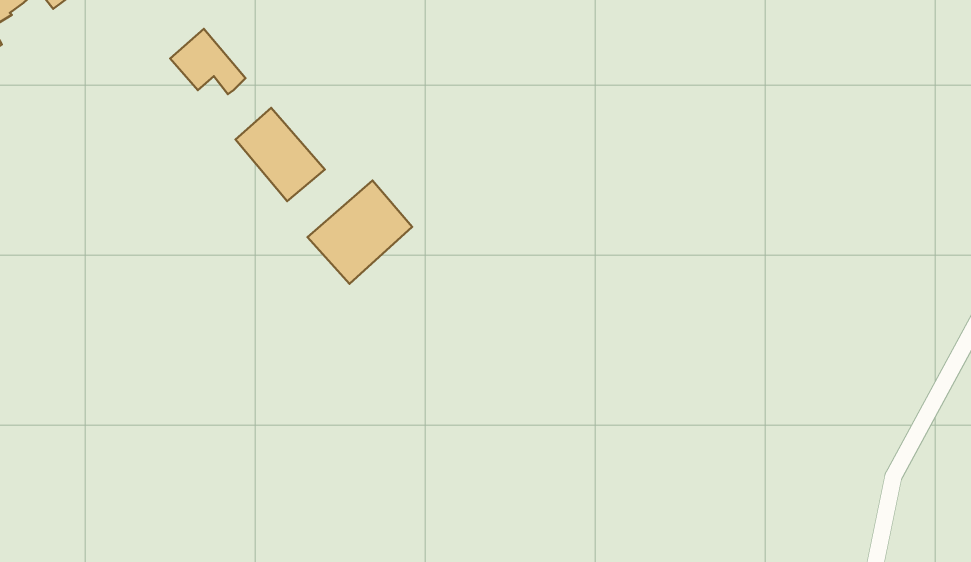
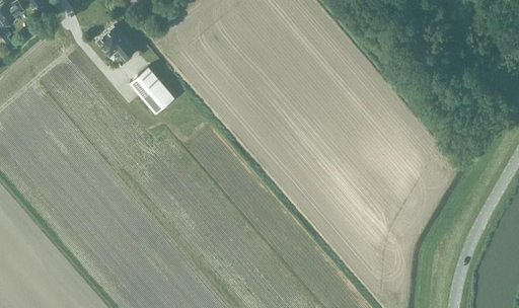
building: [308,181,412,284] -> none

